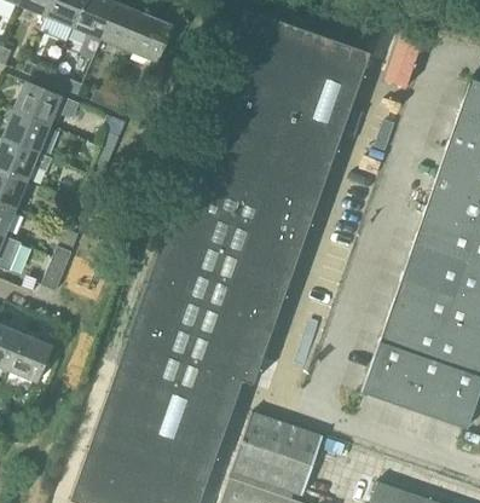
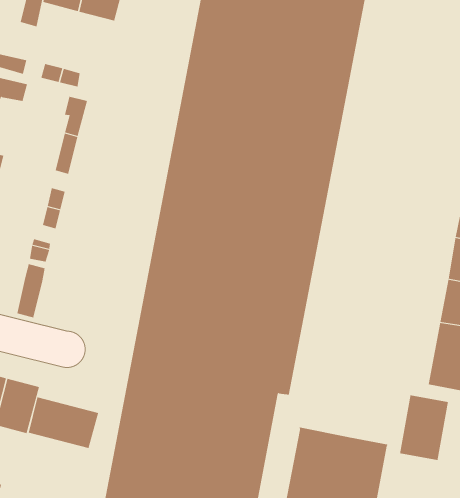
building: none -> [28,396,99,449]
building: none -> [400,394,449,461]

